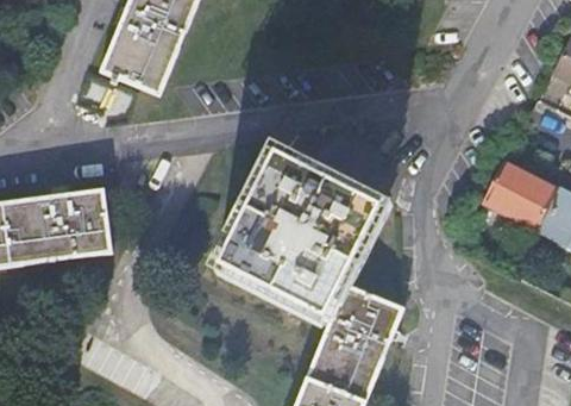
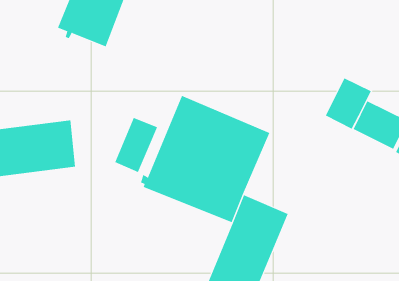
building: none -> [325,78,372,130]
building: none -> [114,117,158,173]

